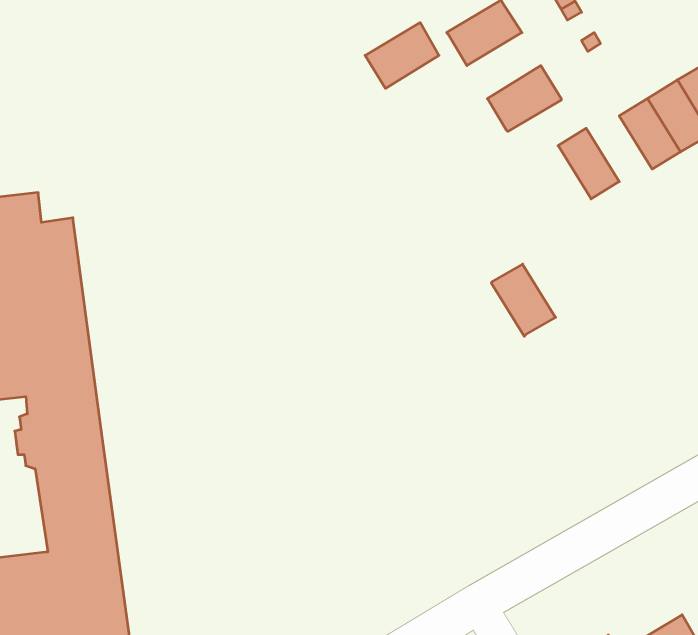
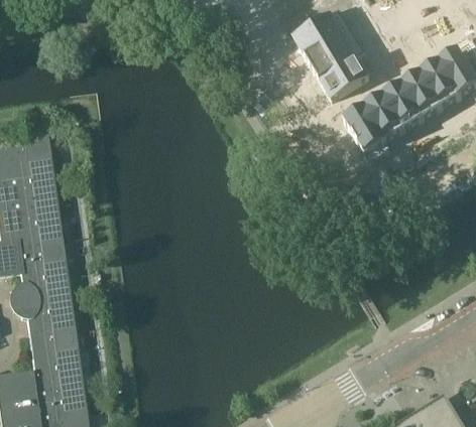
building: [365,23,439,88] -> [304,33,351,76]
building: none -> [380,83,421,129]
building: [491,264,556,336] -> [342,106,383,152]

